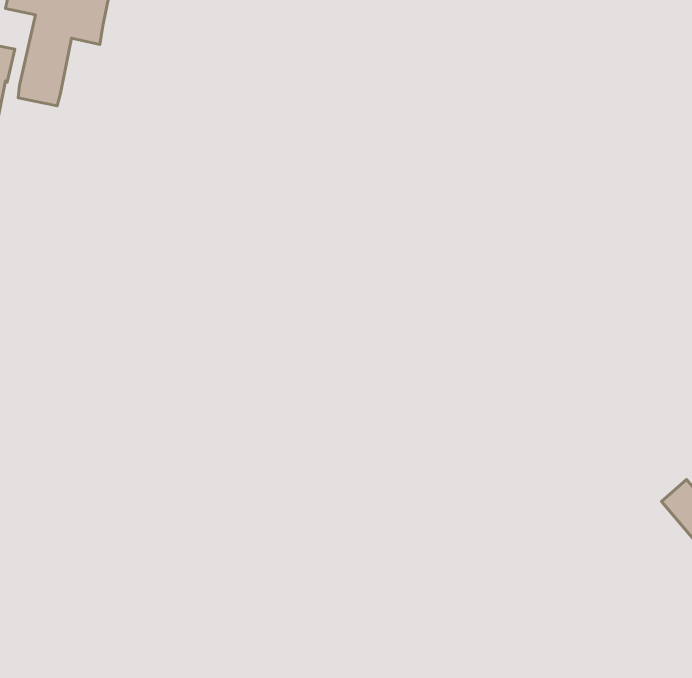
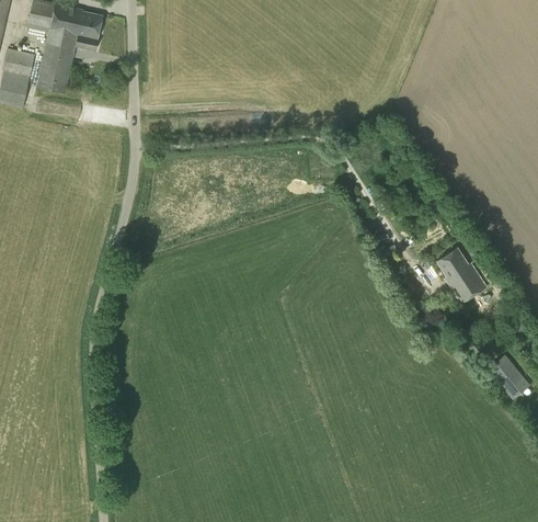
building: none -> [437,247,485,300]

